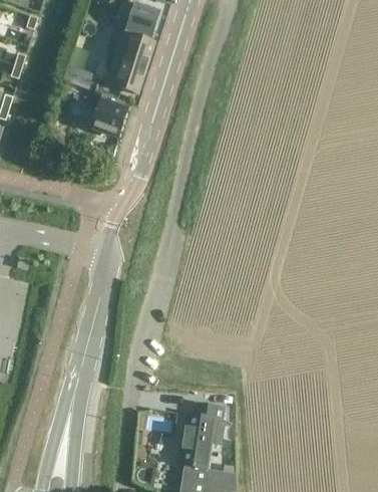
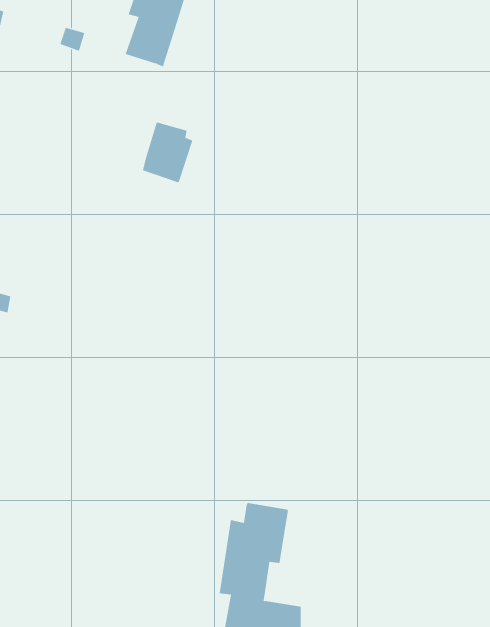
building: [91,93,127,137] -> [142,122,193,183]

